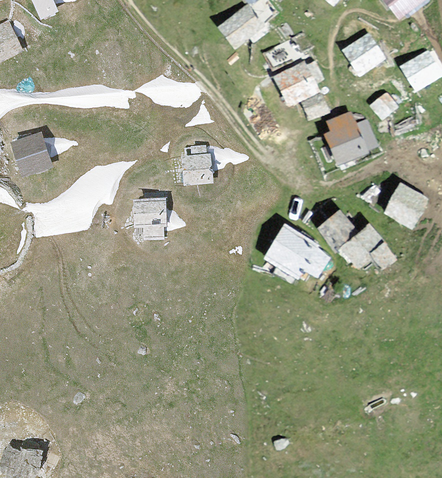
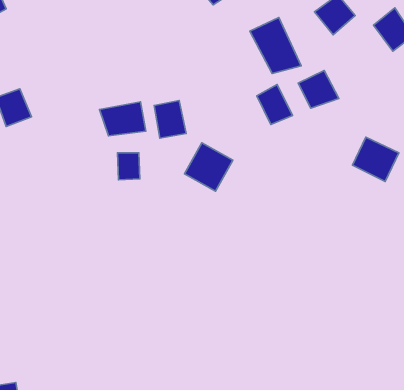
building: none -> [257,85,293,125]
building: none -> [99,102,146,136]
building: [324,213,385,265] -> none
building: [267,226,317,276] -> [184,143,233,191]

